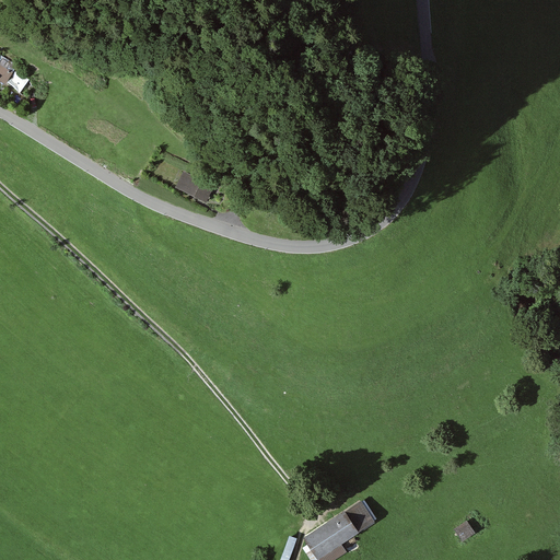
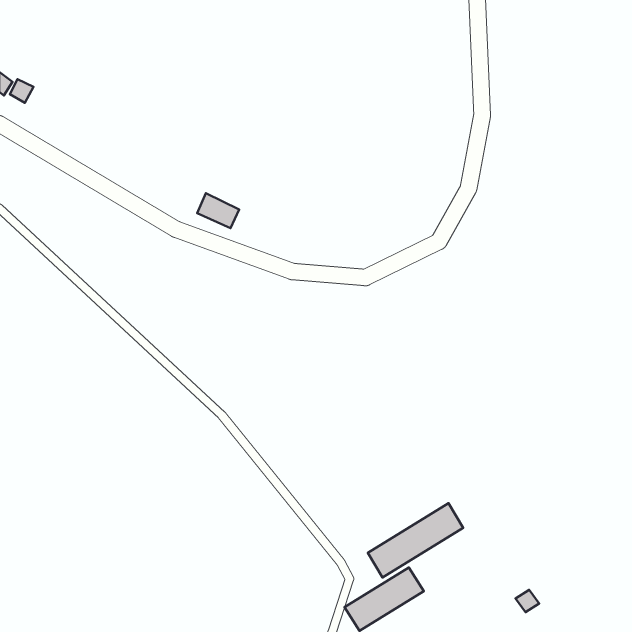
building: none -> [368,503,463,577]

